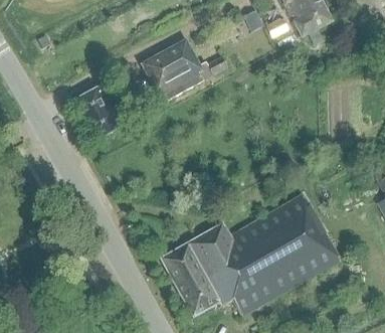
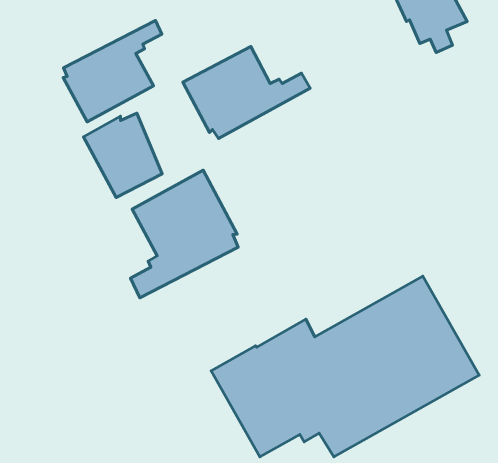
building: none -> [63,20,162,122]
building: none -> [130,170,238,298]

